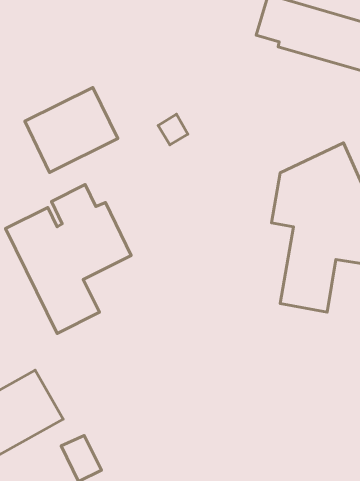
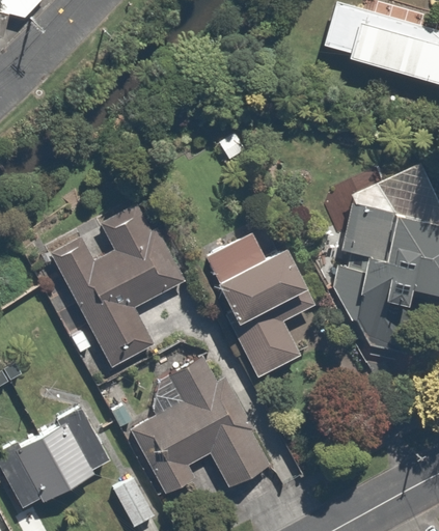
building: [25,87,118,172] -> none
building: none -> [203,231,317,384]
building: none -> [132,352,269,512]

